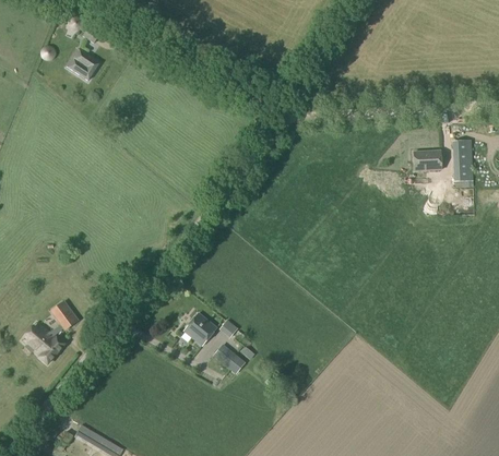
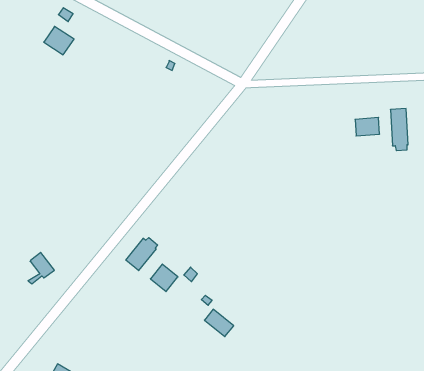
building: none -> [126,238,158,271]
building: [24,326,63,362] -> none
building: [212,343,245,373] -> [204,309,234,337]

